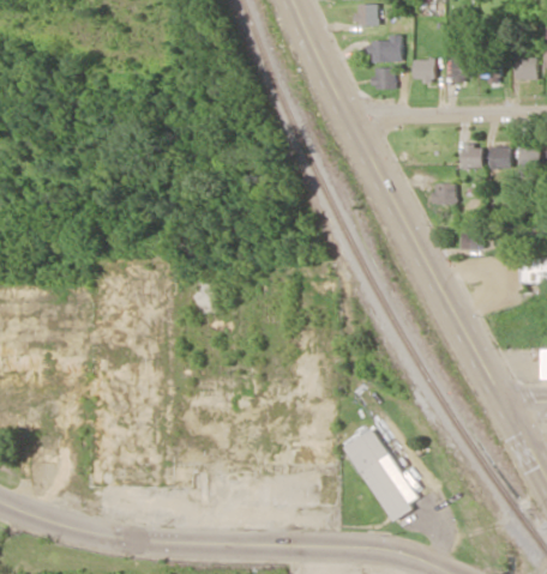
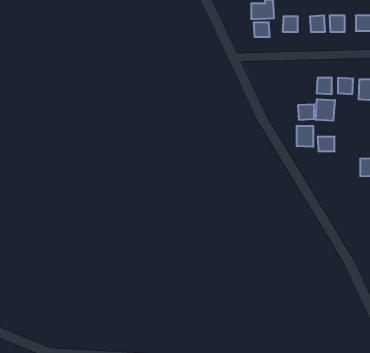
building: none -> [316,99,335,121]
building: none -> [297,126,313,147]
building: [344,429,417,522] -> none

